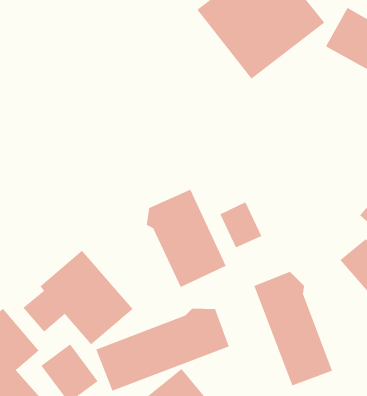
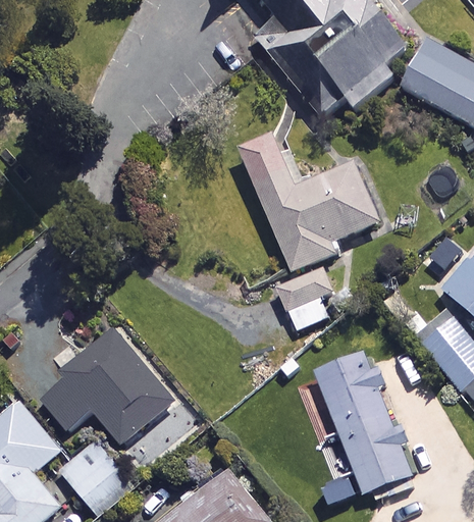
building: none -> [241,135,379,271]
building: [146,189,227,288] -> none
building: [96,308,230,392] -> none

